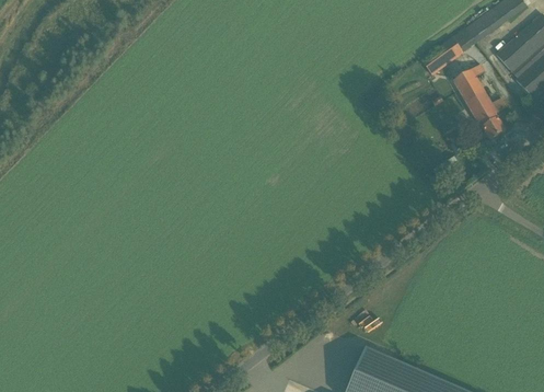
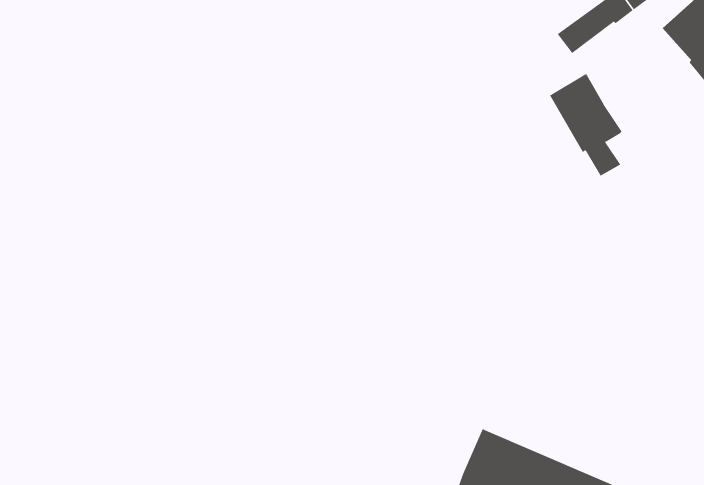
building: [452,64,506,139] -> [549,73,623,177]

